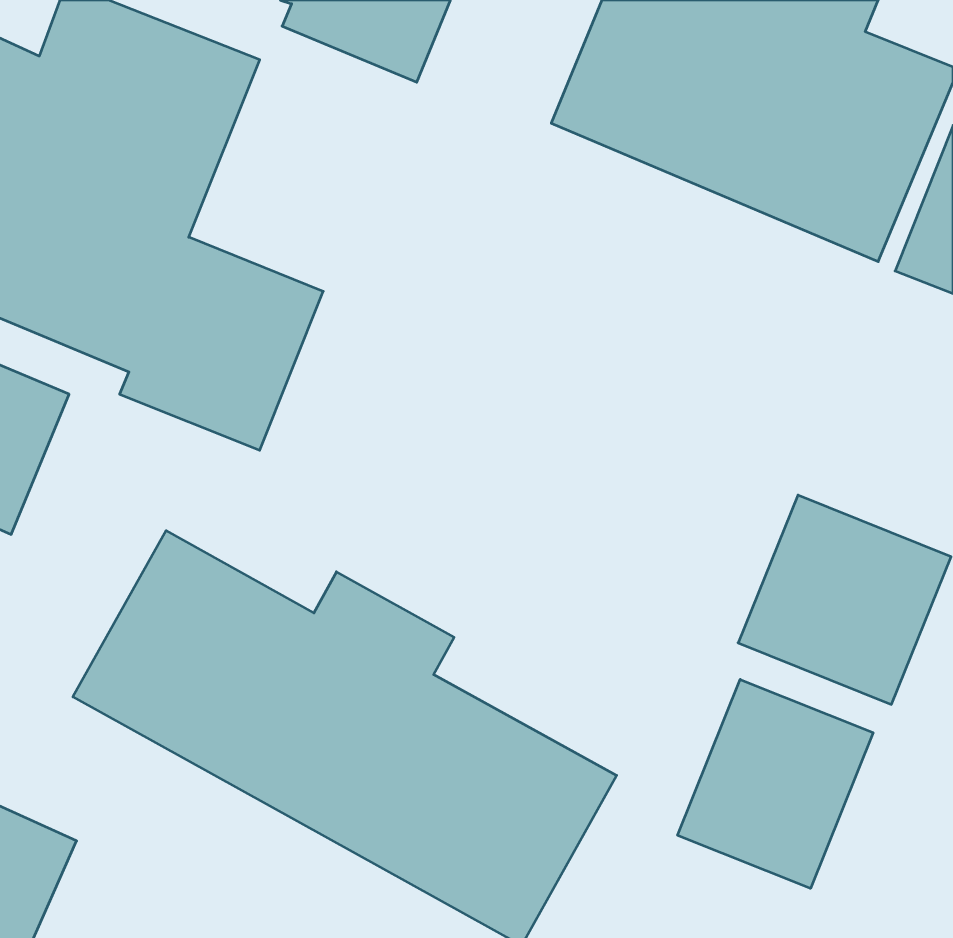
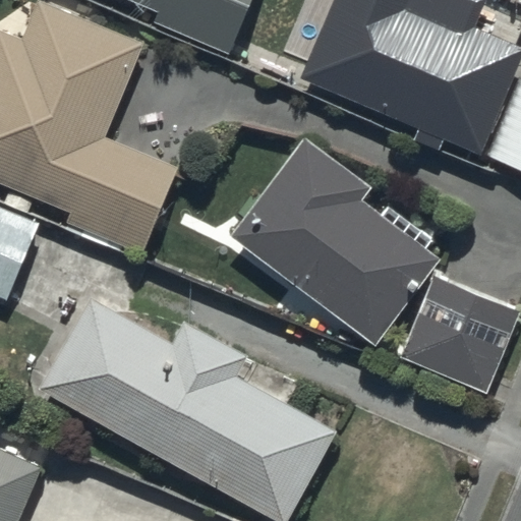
building: none -> [231,138,438,343]
building: [678,679,873,888] -> none

